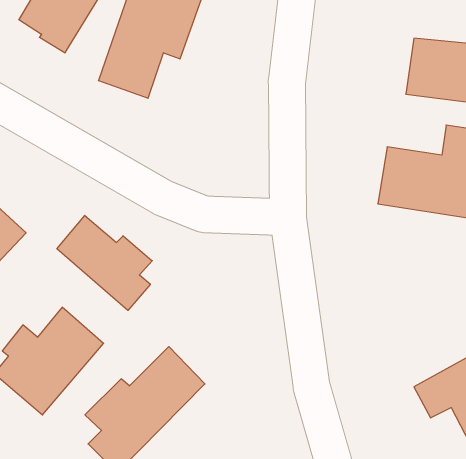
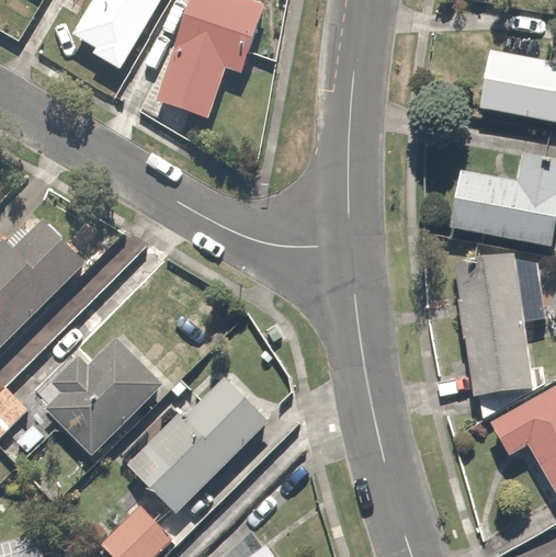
building: [57,215,152,310] -> none
building: none -> [453,251,534,396]

